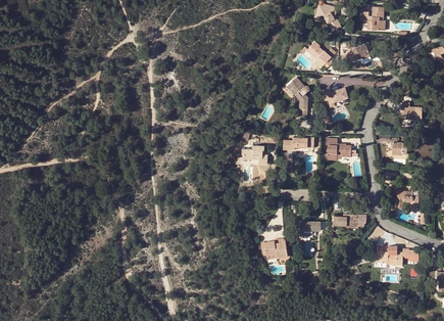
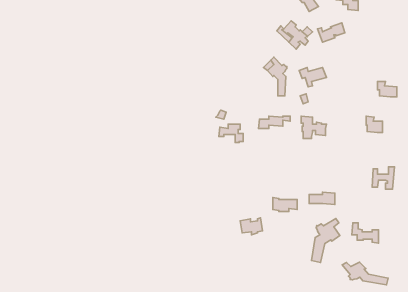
building: none -> [311,218,340,262]
building: none -> [342,262,388,285]

